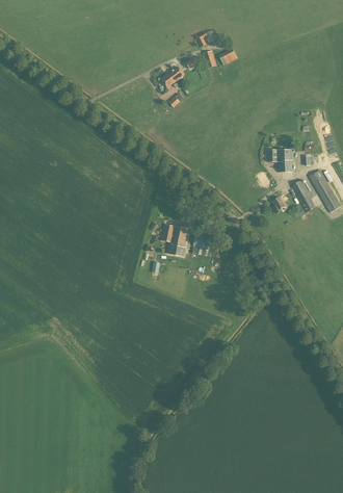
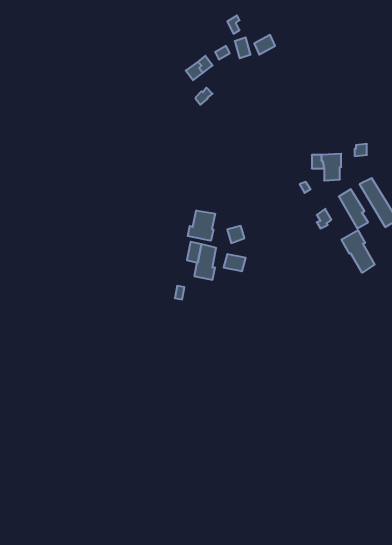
building: none -> [188,210,215,241]
building: none -> [342,230,375,273]

